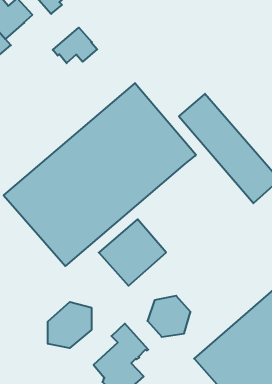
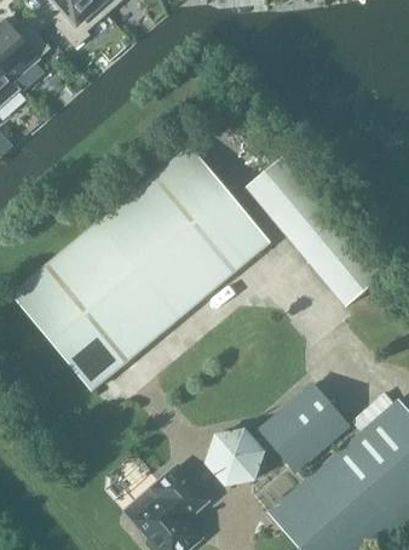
building: [53,28,97,63] -> none
building: [99,219,166,286] -> [257,382,347,471]
building: [48,302,91,348] -> none

